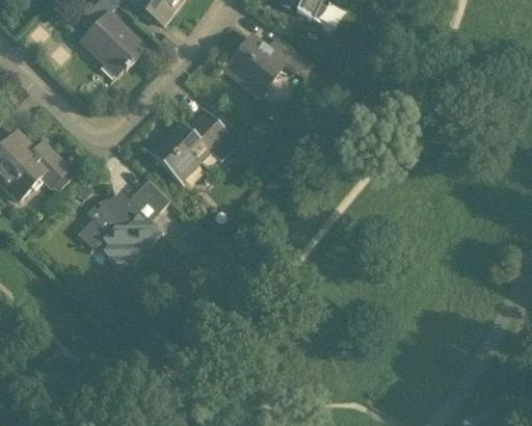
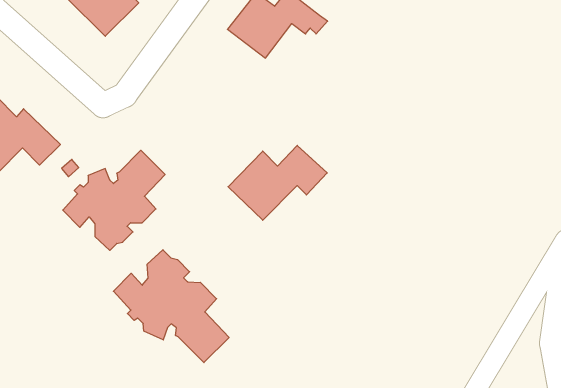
building: [150,114,239,182] -> [228,145,327,220]
building: none -> [113,250,229,363]

